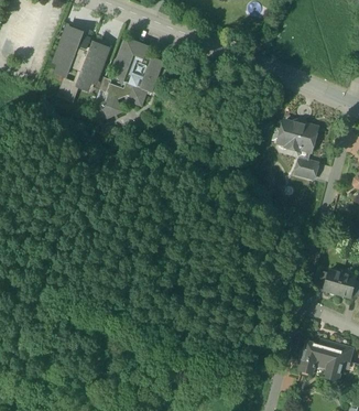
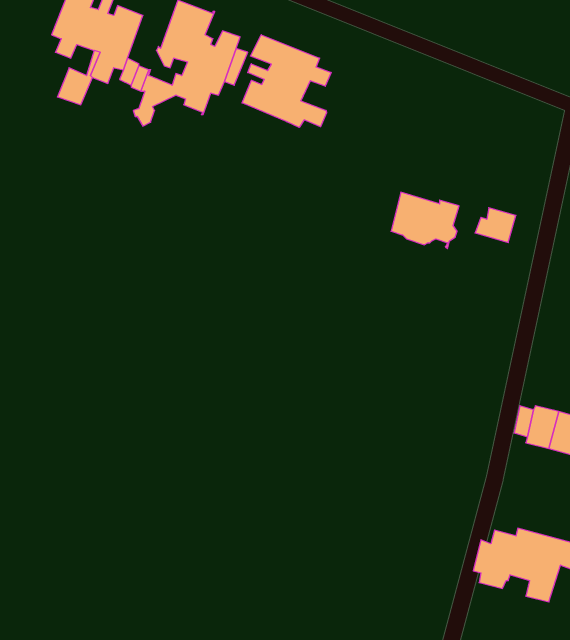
building: none -> [242,35,331,127]
building: [279,119,317,151] -> [391,192,459,249]

